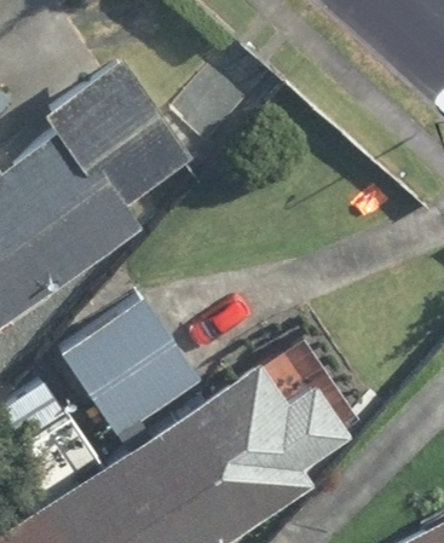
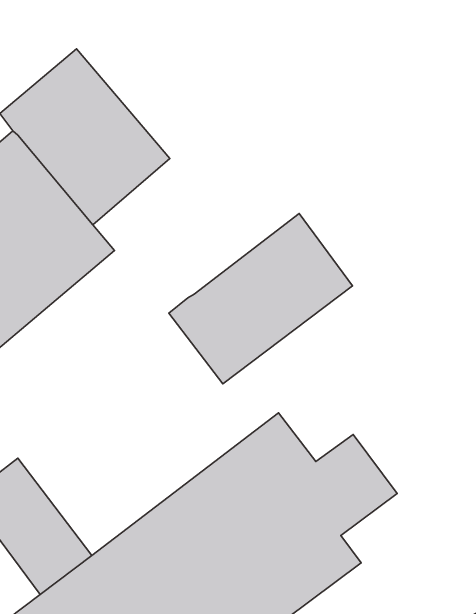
building: none -> [169,214,353,384]
building: [59,298,201,443] -> none

